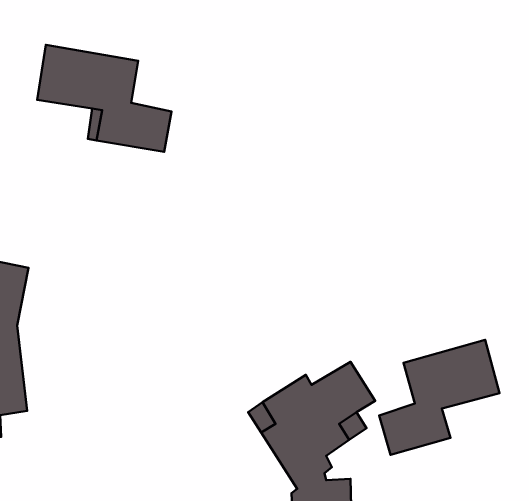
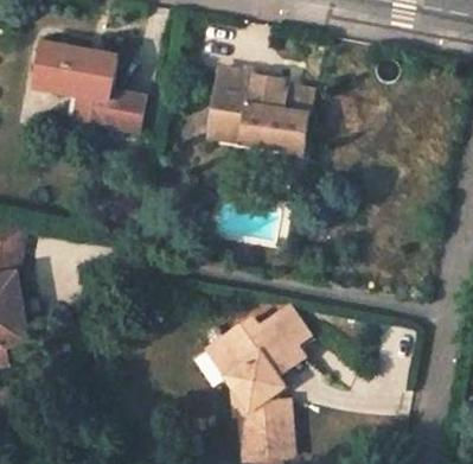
building: none -> [210,66,314,151]
building: [379,340,500,455] -> none

